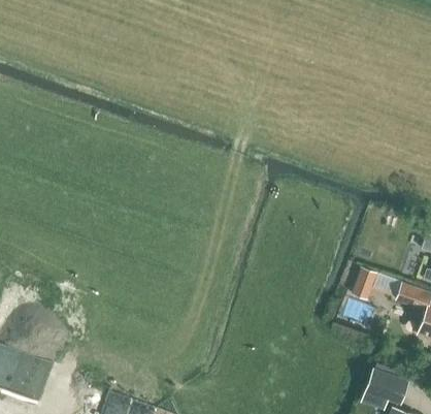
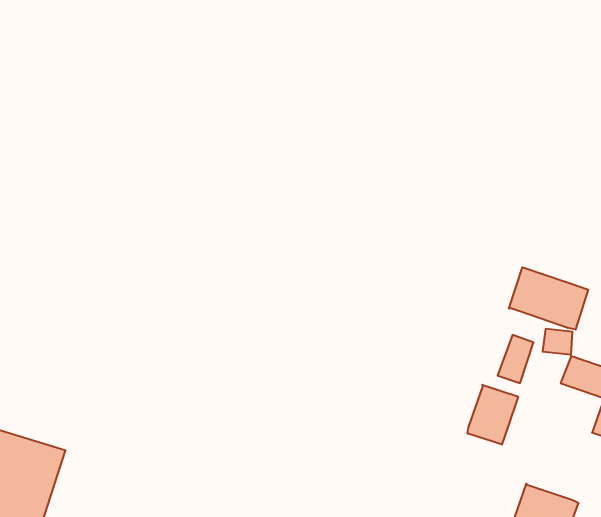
building: none -> [509,267,588,330]
building: none -> [467,385,518,445]

